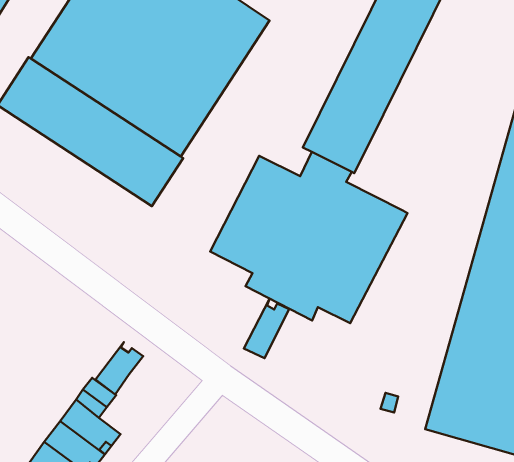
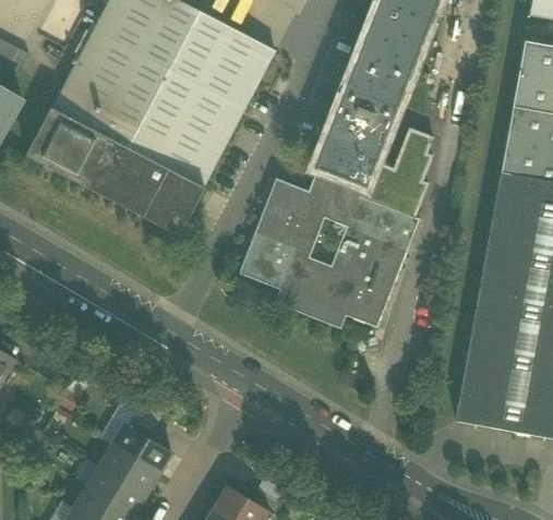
building: none -> [360,128,433,217]
building: [244,299,289,358] -> none
building: [96,342,143,394] -> none

